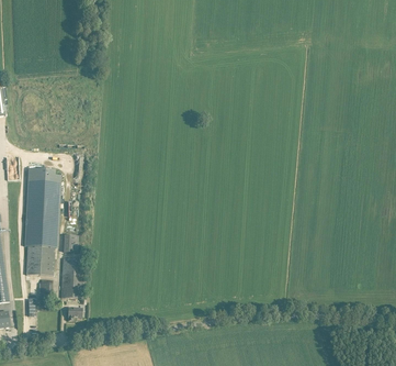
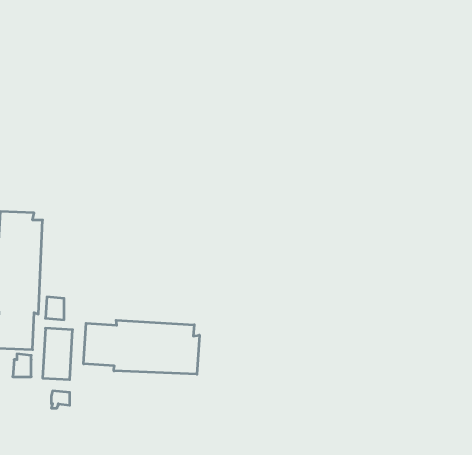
building: none -> [84,320,199,374]

